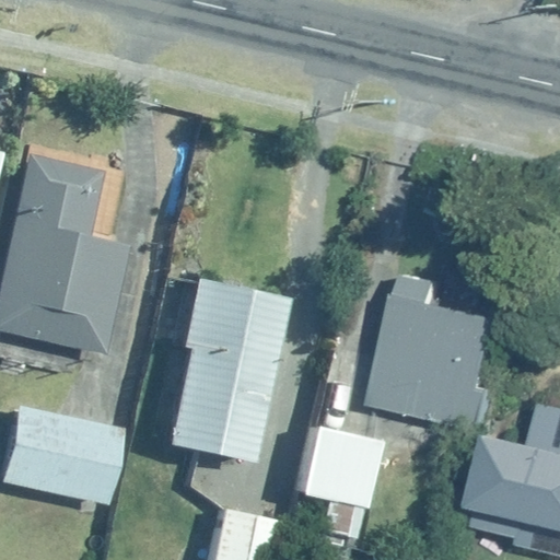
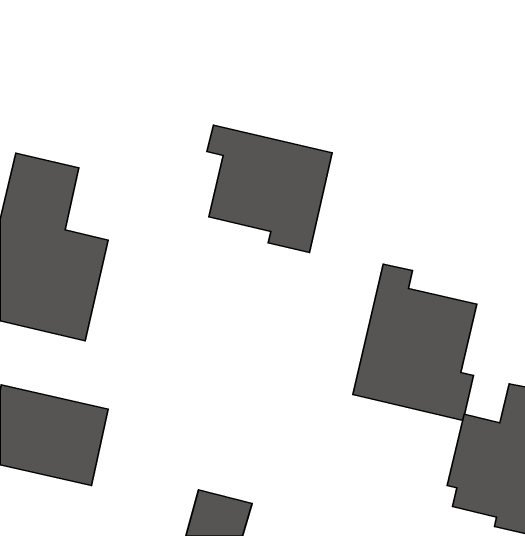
building: none -> [207,125,332,252]
building: [163,270,291,467] -> none
building: [296,424,383,545] -> none

